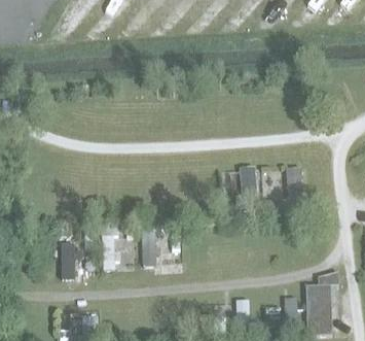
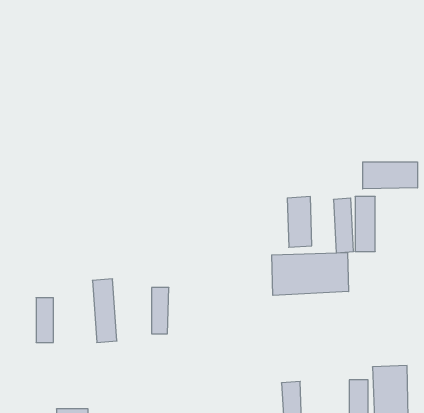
building: none -> [363,162,417,189]
building: none -> [272,253,349,295]

